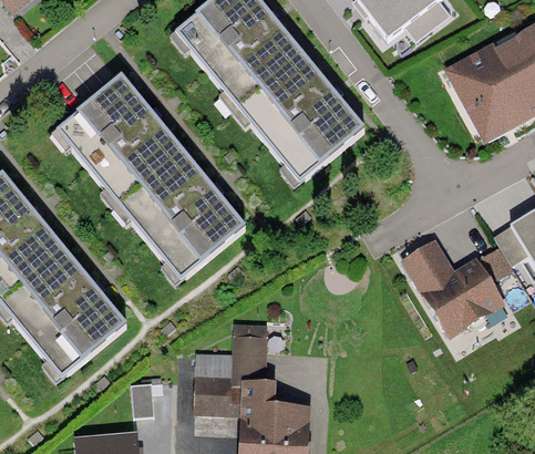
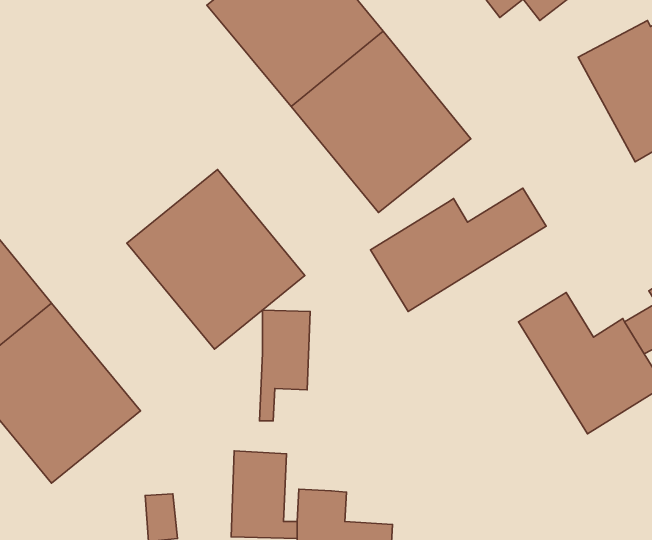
building: [56,74,183,203] -> none
building: none -> [370,188,546,311]
building: [230,323,267,403] -> [260,310,310,421]

